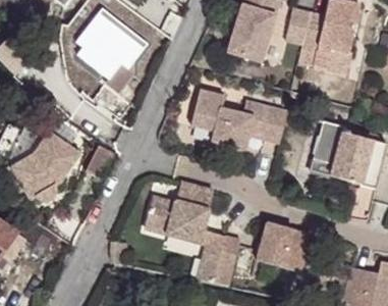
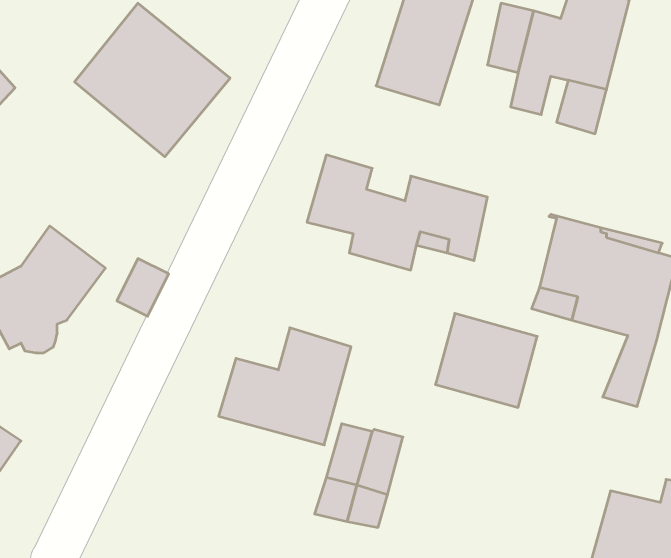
building: [257,223,311,273] -> [435,313,537,407]

